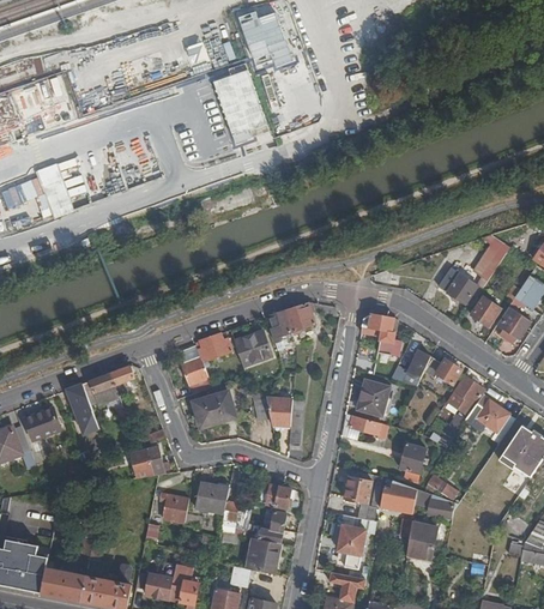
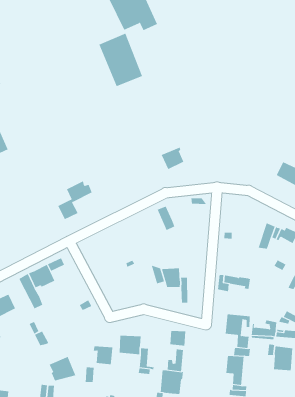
building: [283,303,314,333] -> [161,147,184,170]
building: [362,314,400,357] -> none
building: [234,332,271,367] -> none
building: [181,333,231,385] -> [58,180,93,220]
building: [359,381,391,416] -> none
building: [193,391,236,428] -> none
building: [399,444,428,482] -> none
building: [129,446,165,478] -> [49,356,76,381]

